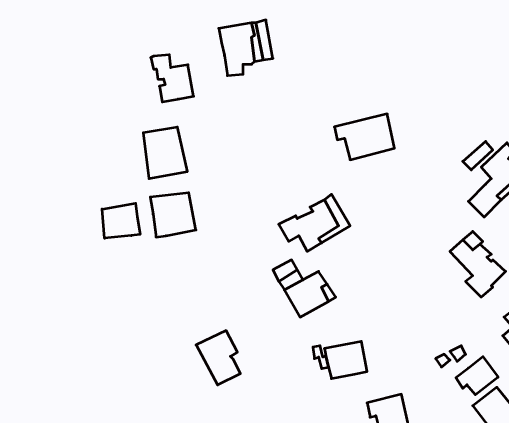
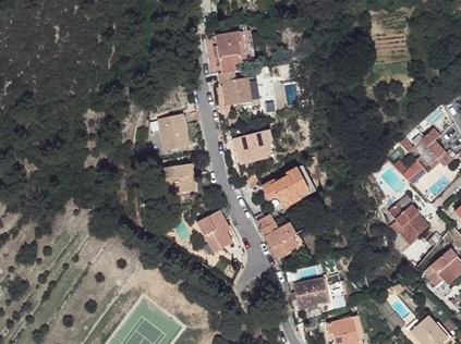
building: [151,55,194,102] -> [218,74,251,110]
building: [334,114,394,160] -> [230,127,276,162]
building: [102,203,140,238] -> none
building: [196,331,240,385] -> [192,210,226,251]
building: [456,357,498,395] -> none

